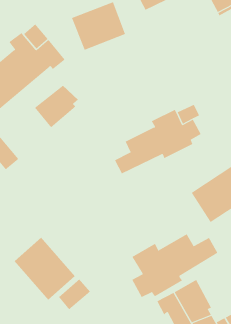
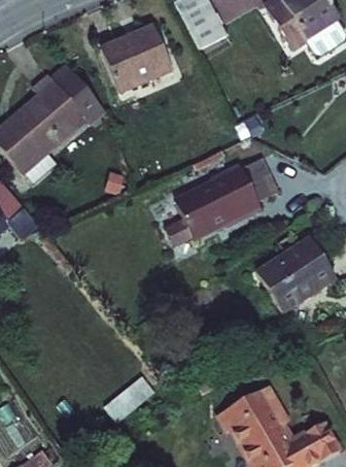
building: [34,85,79,128] -> none
building: [132,234,218,298] -> none
building: [14,237,75,301] -> none

